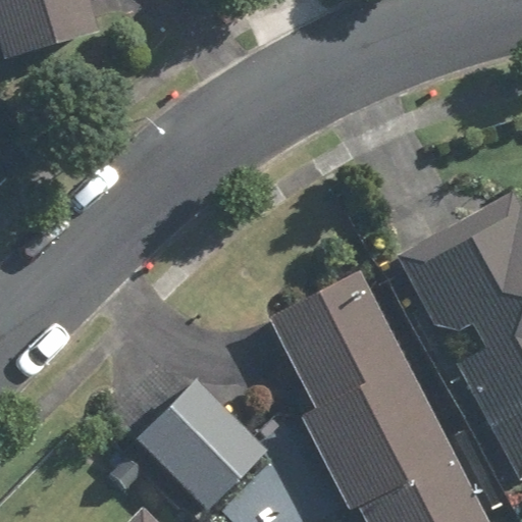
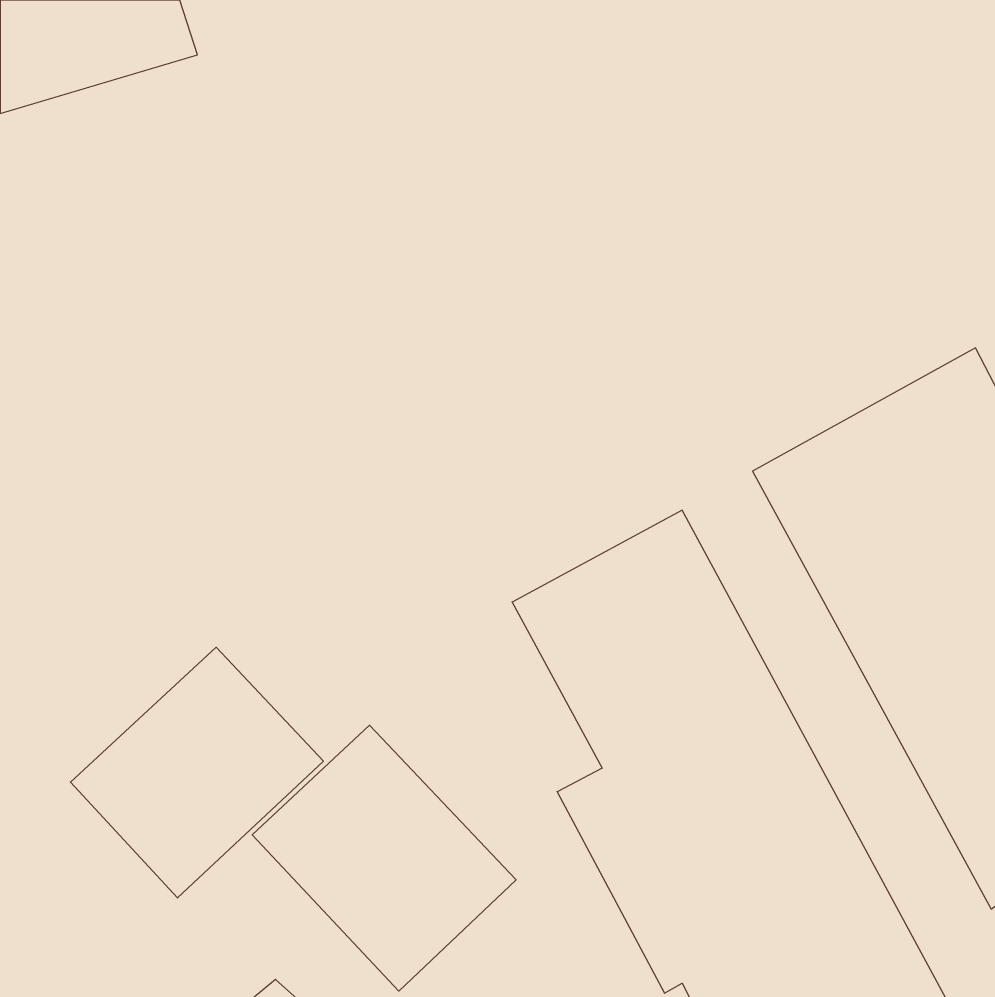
building: none -> [70,647,323,898]

